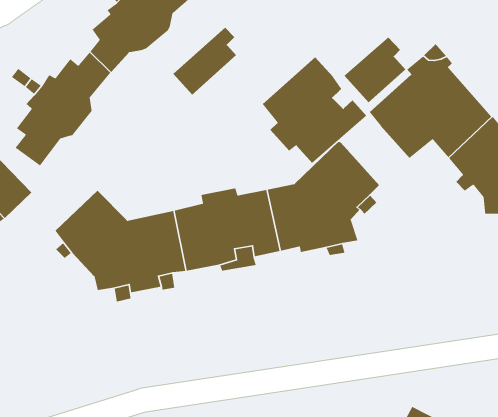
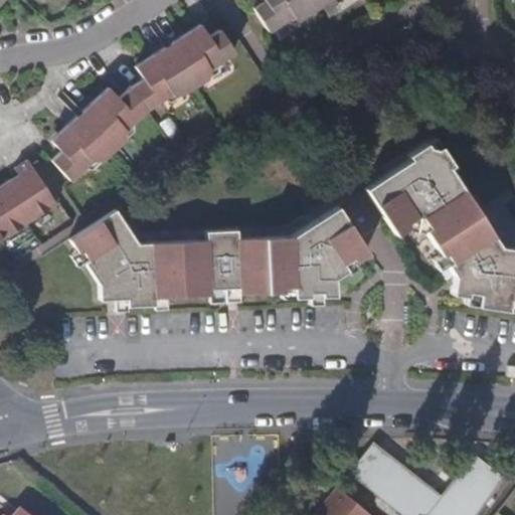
building: [172,27,237,95] -> none
building: [344,37,406,103] -> none
building: [262,56,367,164] -> none

